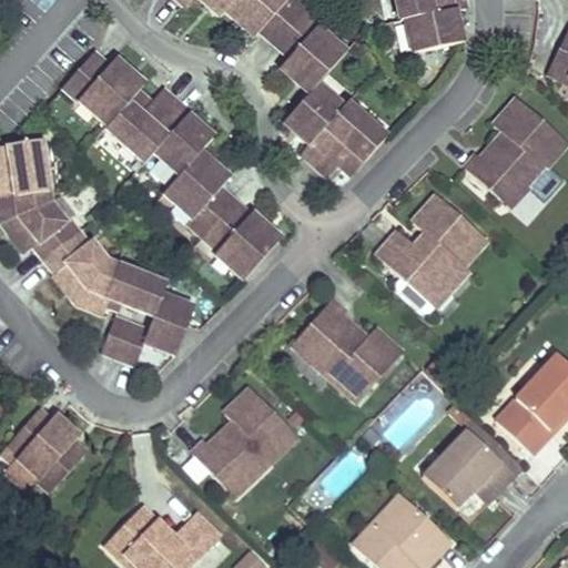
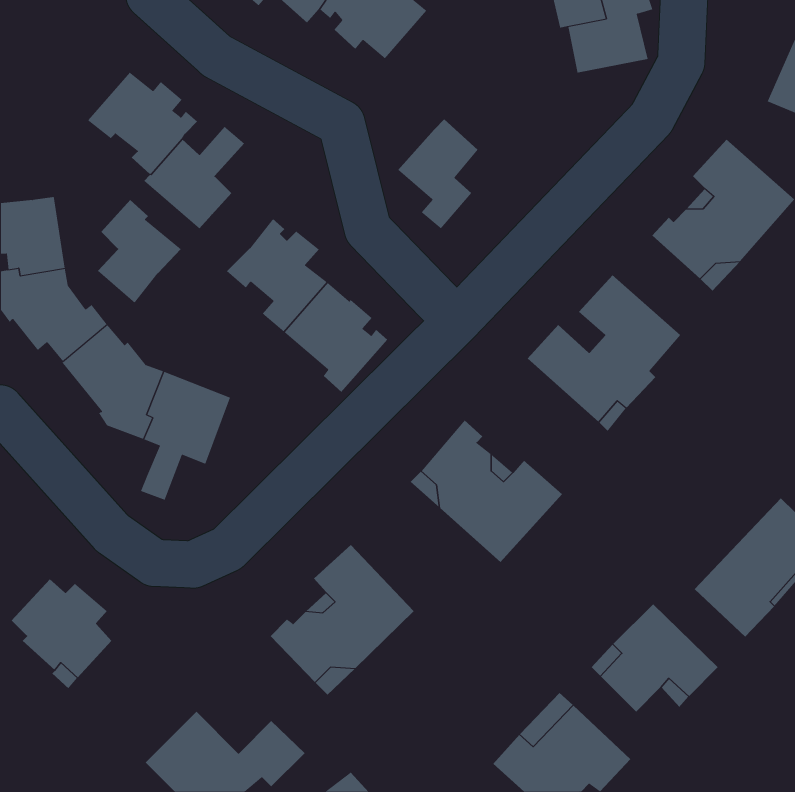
building: [275,8,345,92] -> none
building: [152,102,212,176] -> [97,199,181,304]
building: [315,102,385,175] -> none
building: [119,294,193,363] -> none

